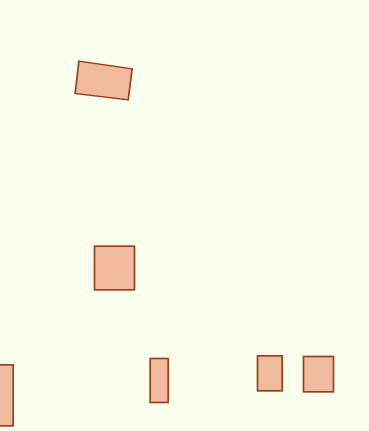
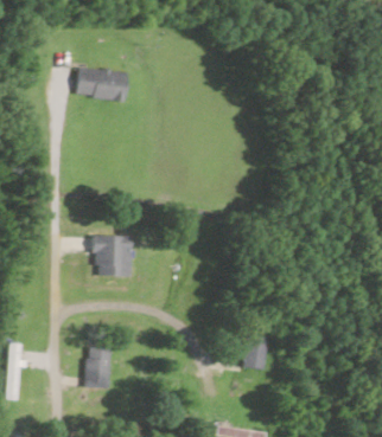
building: [303,357,334,392] -> none
building: [150,358,168,402] -> [94,349,110,390]

